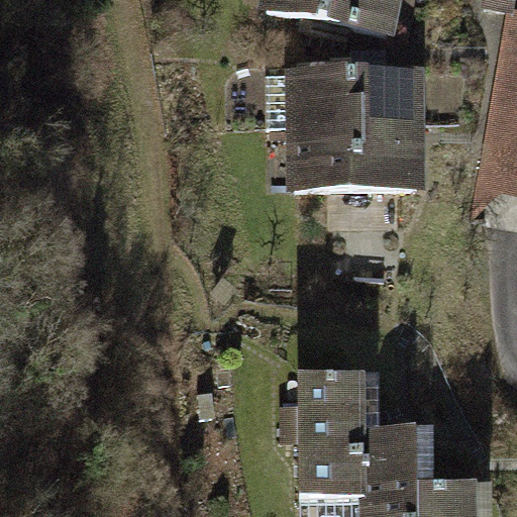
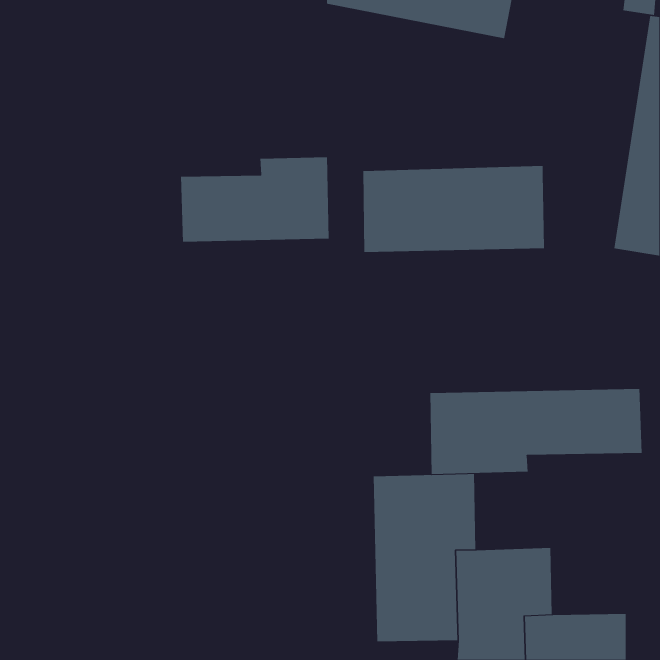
building: [281,66,424,133] -> none
building: none -> [181,156,329,242]
building: none -> [430,388,642,475]

